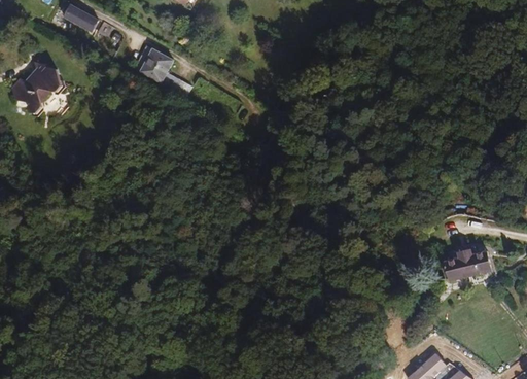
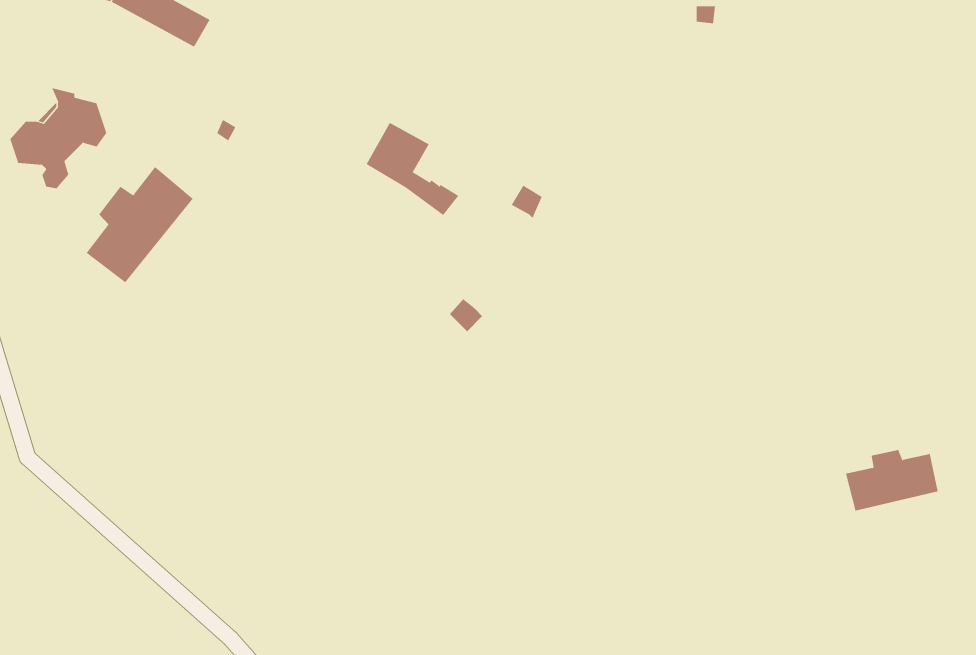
building: [140,49,188,98] -> [366,122,459,216]
building: none -> [86,166,194,283]

